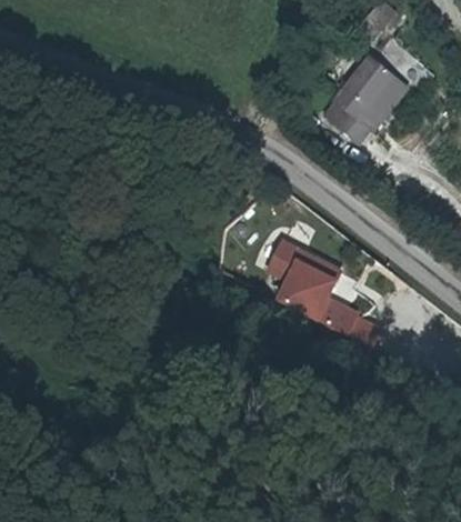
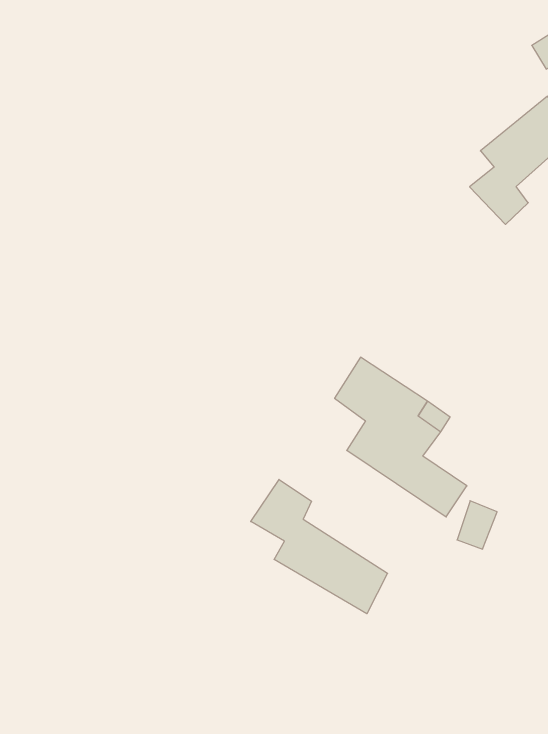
building: none -> [251,479,388,614]

